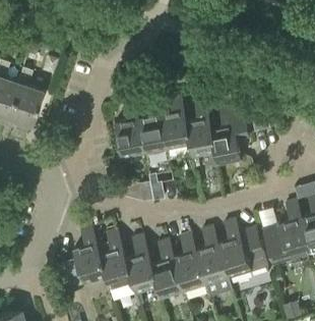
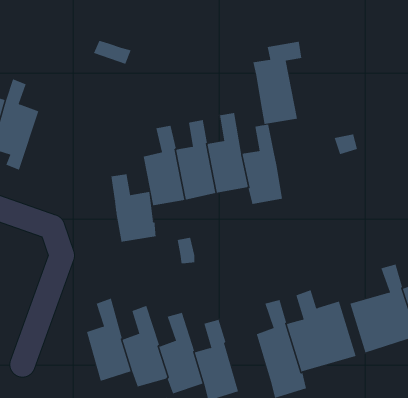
building: [209,104,245,164] -> [253,41,302,125]
building: none -> [111,173,156,243]
building: [174,232,206,291] -> none

